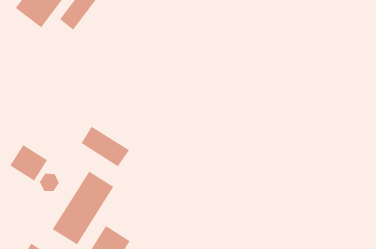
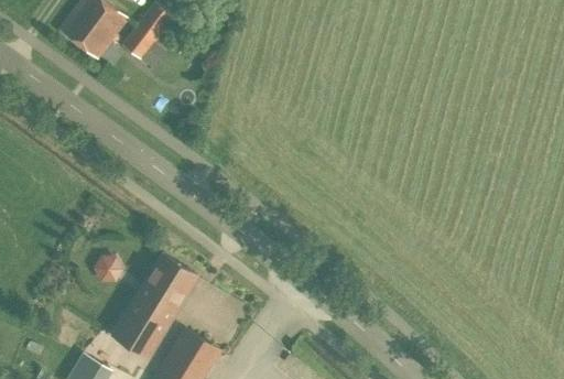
building: [81,126,130,167] -> none
building: [10,144,48,182] -> none

